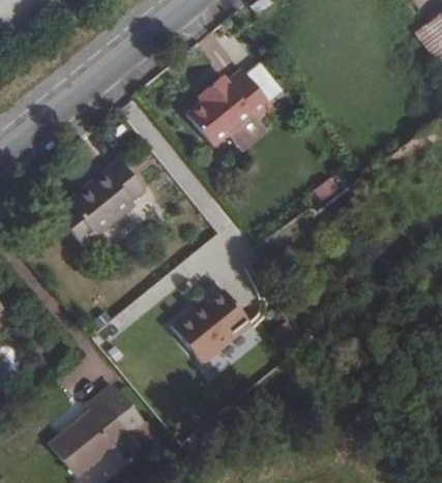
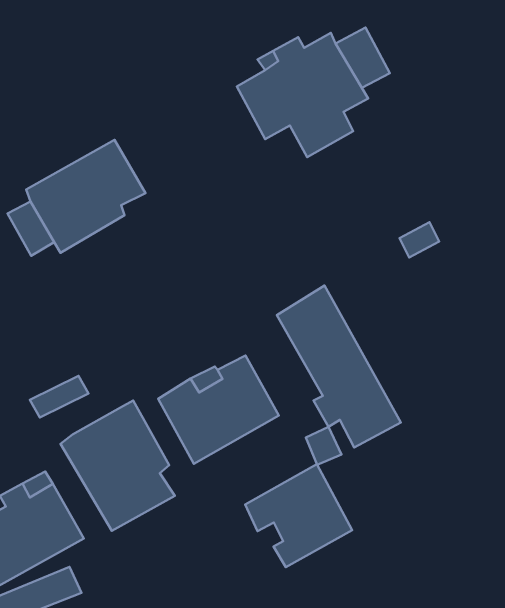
building: none -> [277,285,401,447]
building: none -> [61,401,175,531]
building: none -> [245,464,352,567]

